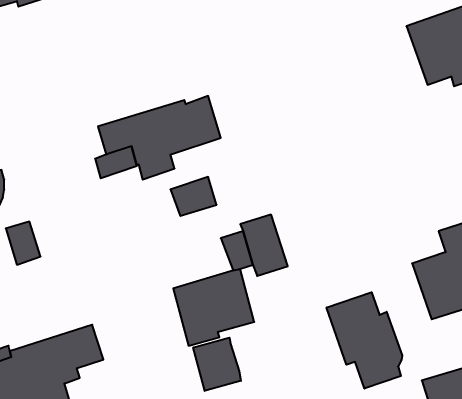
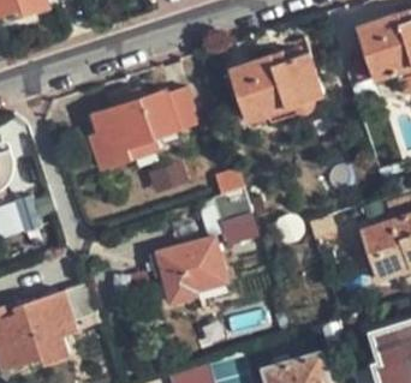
building: none -> [230,53,321,122]
building: [327,292,402,389] -> none
building: [193,338,241,391] -> none

